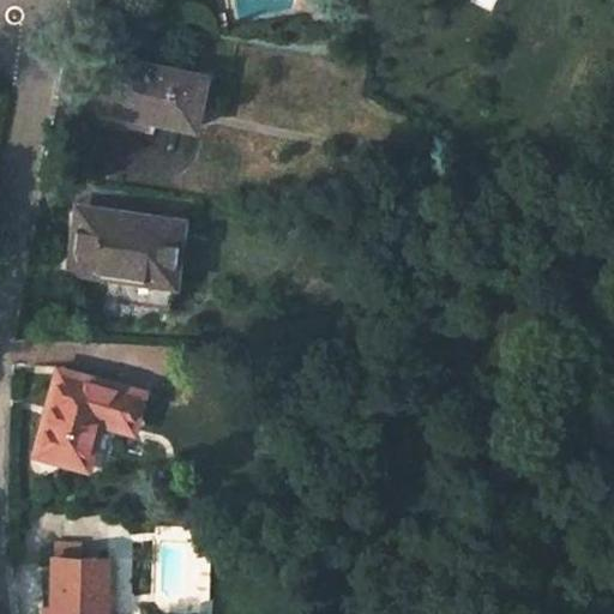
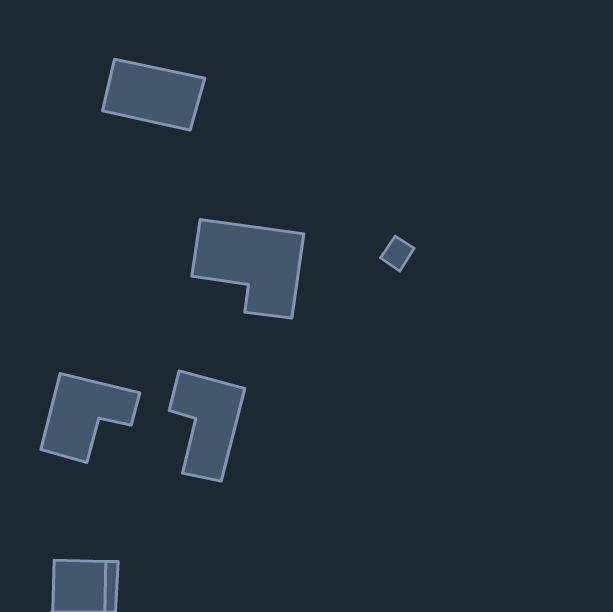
building: [70,209,181,307] -> [192,219,304,318]
building: none -> [169,371,245,481]

